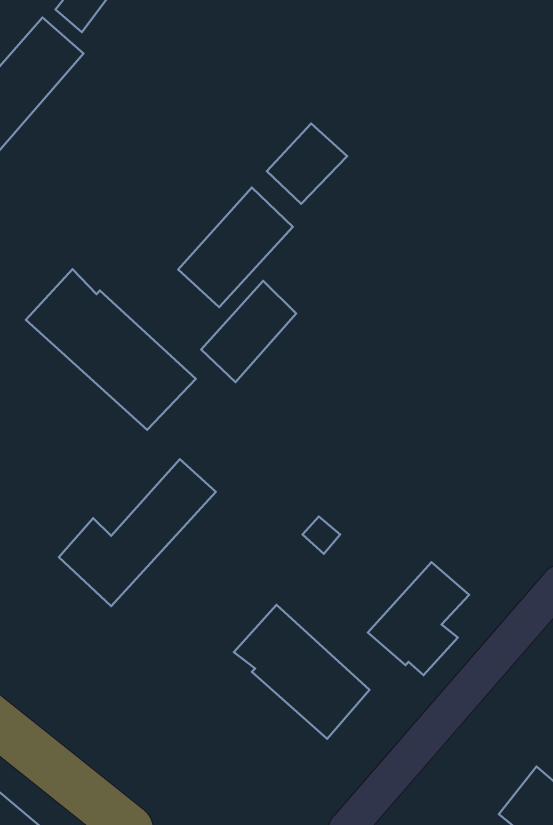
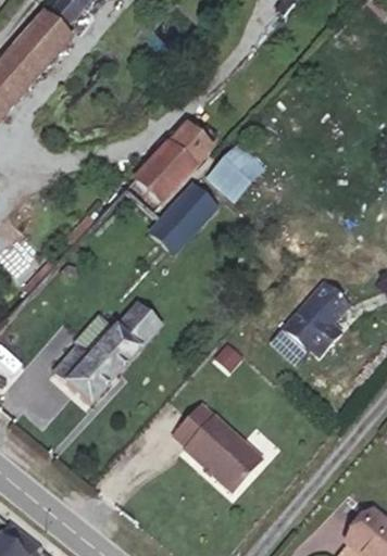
building: [267,124,347,204] -> [208,142,261,195]
building: [26,269,196,430] -> none
building: [368,562,469,675] -> [283,282,350,357]

